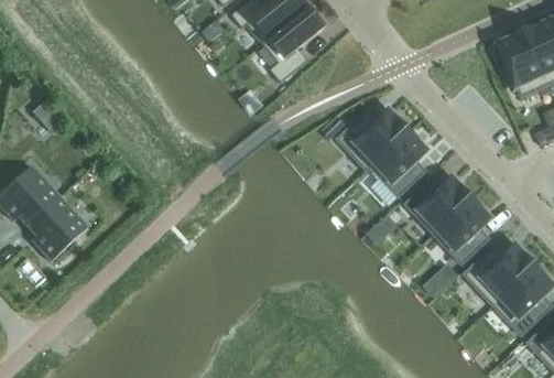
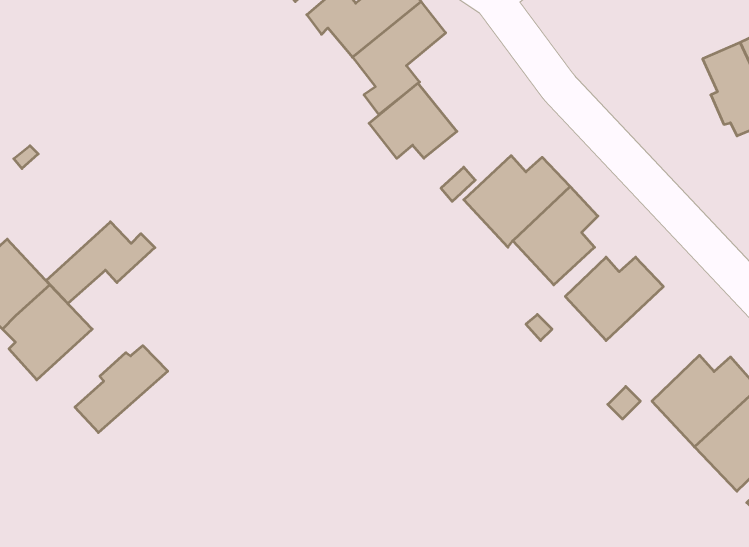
building: none -> [369,83,457,158]
building: none -> [46,222,155,304]
building: [434,196,491,262] -> none
building: none -> [75,346,168,433]

